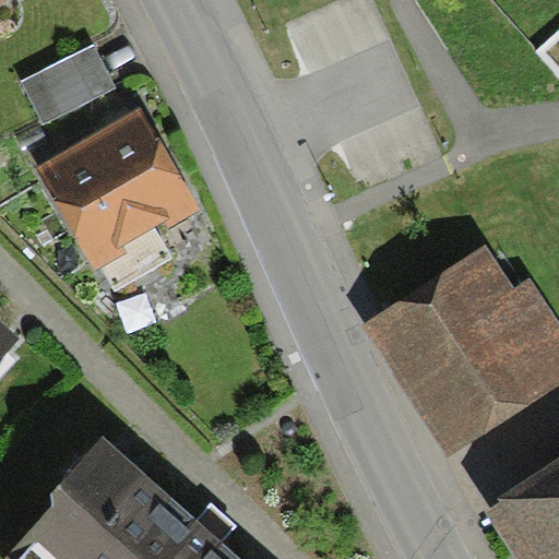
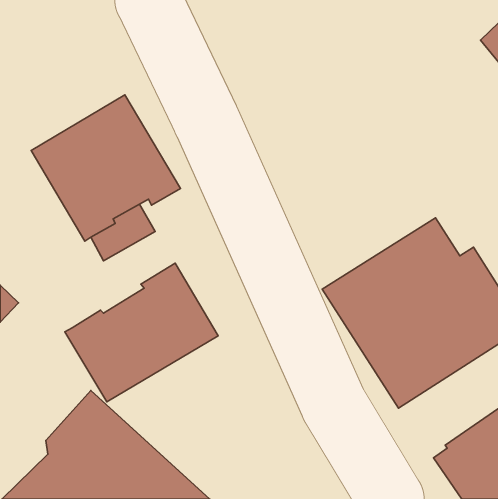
building: [22,46,116,123] -> none
building: none -> [65,263,218,402]

